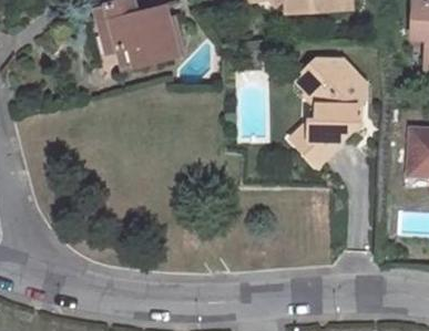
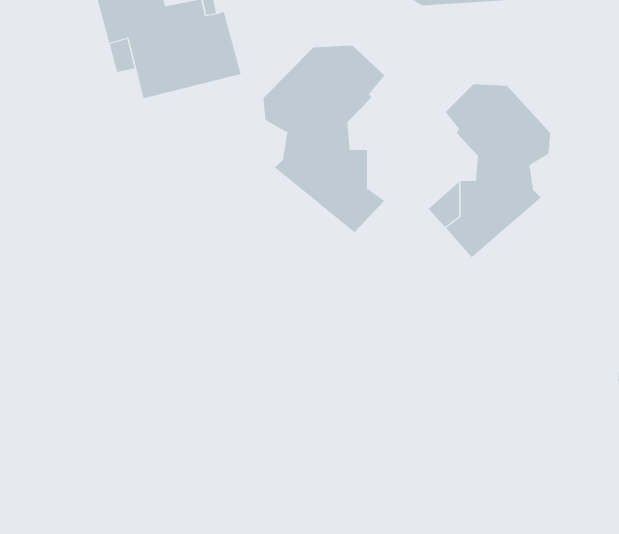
building: none -> [263,45,385,233]

